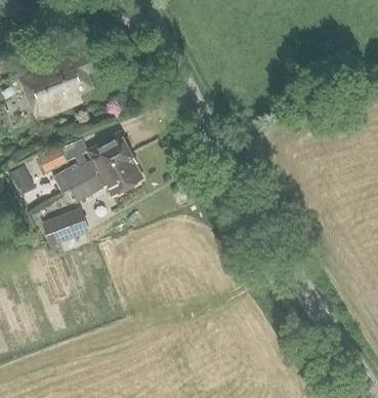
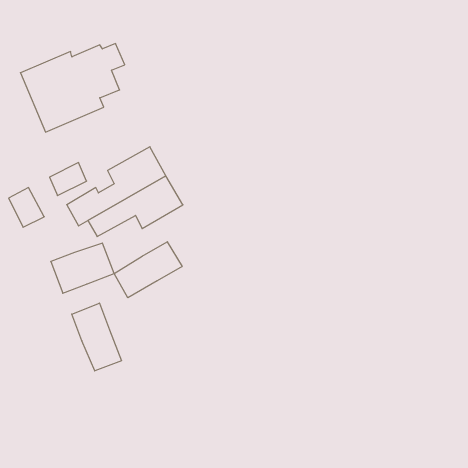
building: none -> [114,242,182,298]
building: none -> [72,303,122,371]

